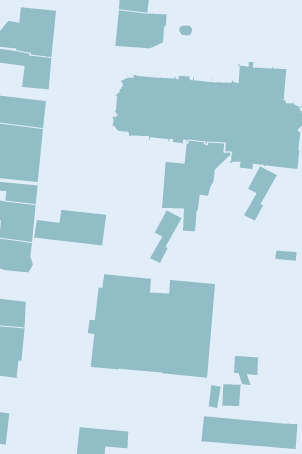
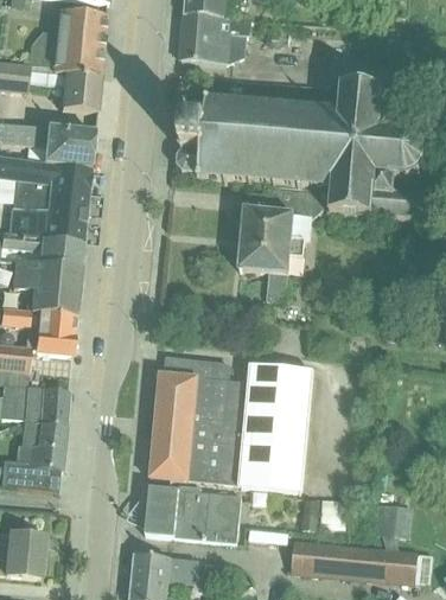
building: [243,165,278,221] -> none
building: [33,209,107,246] -> none
building: [149,209,182,264] -> none
building: [233,355,259,386] -> [376,510,409,549]
building: none -> [146,484,243,542]

